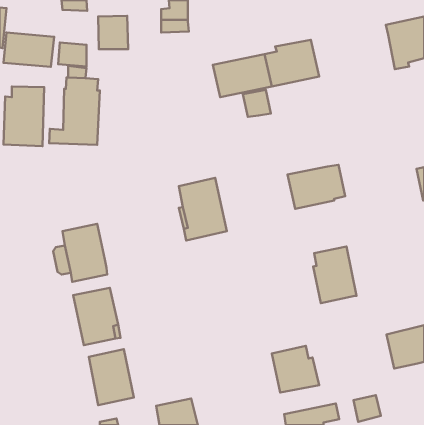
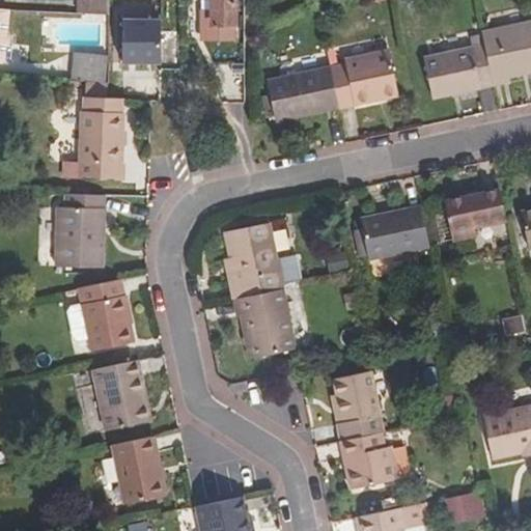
building: [3,33,54,67] -> none
building: none -> [422,44,493,99]
building: [3,86,44,146] -> [54,194,105,269]
building: [243,90,271,117] -> none
building: none -> [443,189,506,243]
building: none -> [232,288,296,359]
building: [313,247,356,303] -> [330,370,384,441]

